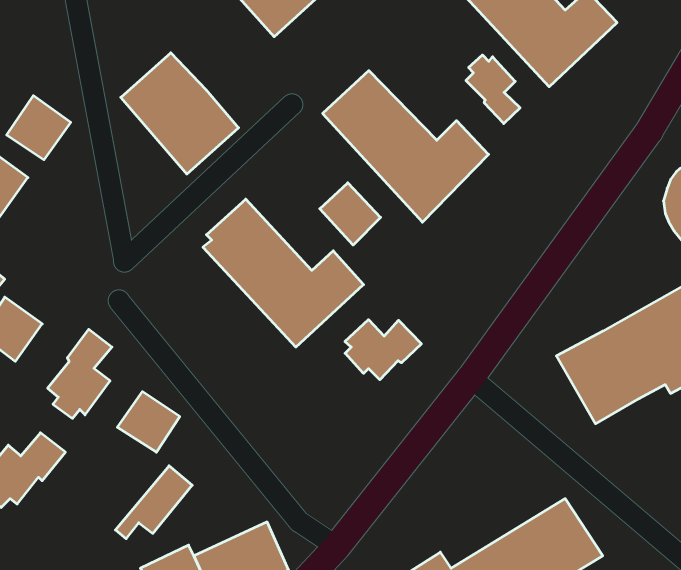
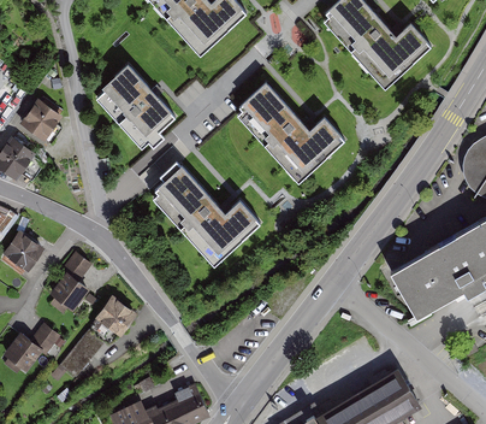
building: [466,55,520,124] -> none
building: [320,183,381,245] -> none
building: [345,320,421,380] -> none
building: [115,466,192,539] -> [51,331,102,381]

